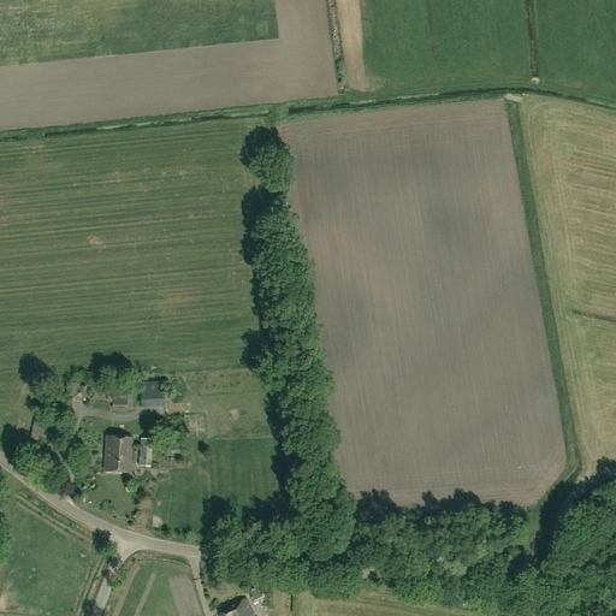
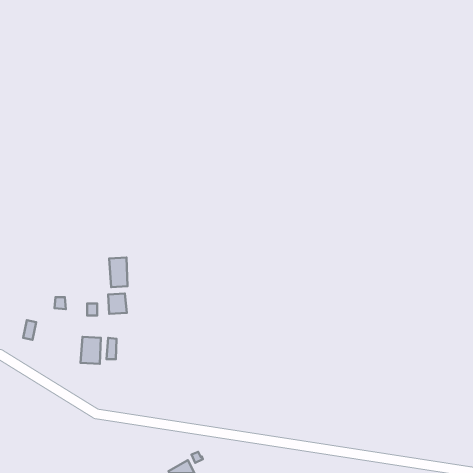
building: none -> [109,257,128,287]

